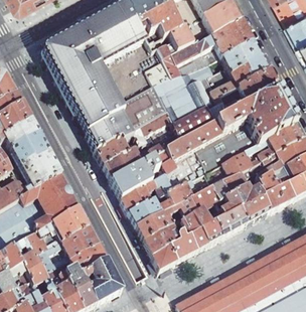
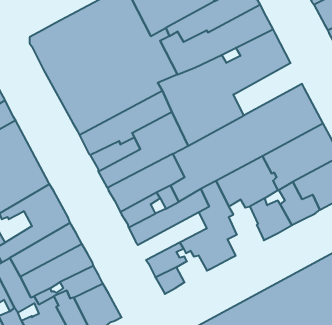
building: [218,72,278,118] -> none
building: [213,190,245,239] -> none
building: [136,201,195,243] -> none
building: [169,235,195,262] -> none

